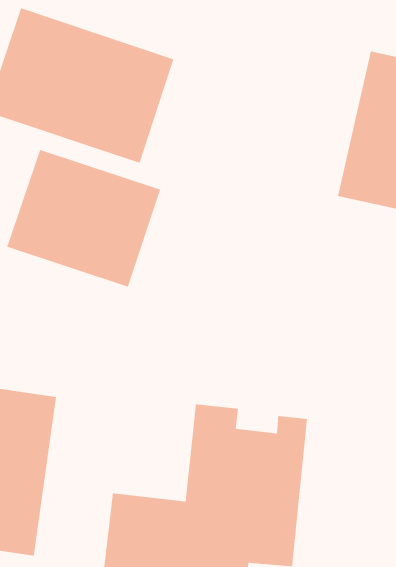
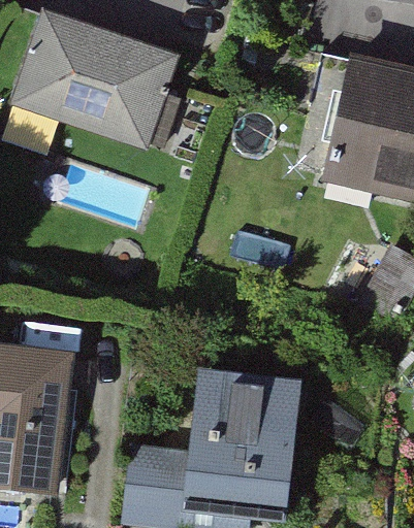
building: [7,149,161,288] -> none

